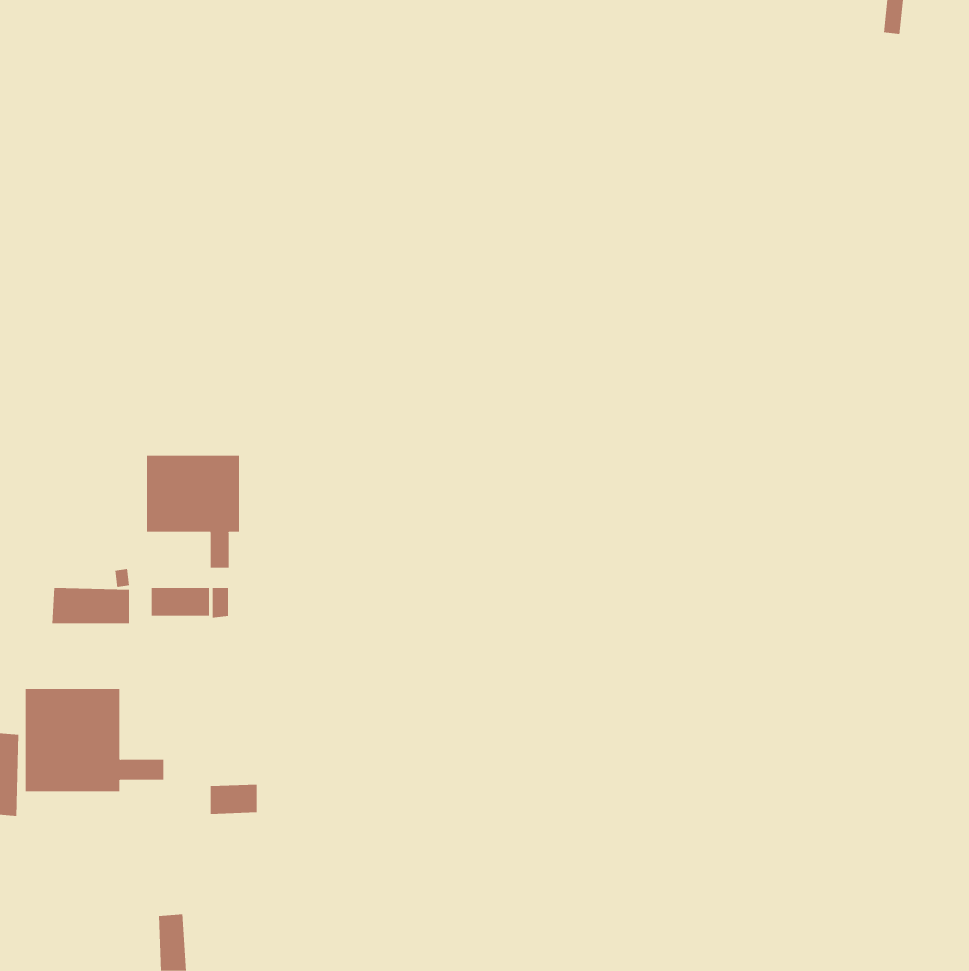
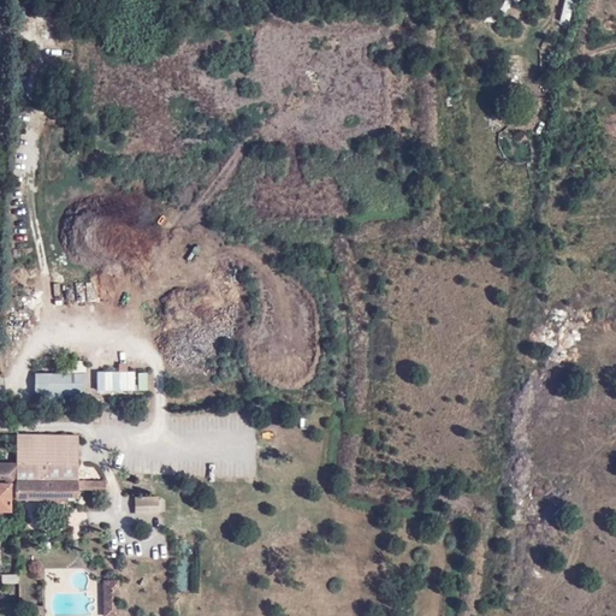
building: [146,455,239,568] -> none

